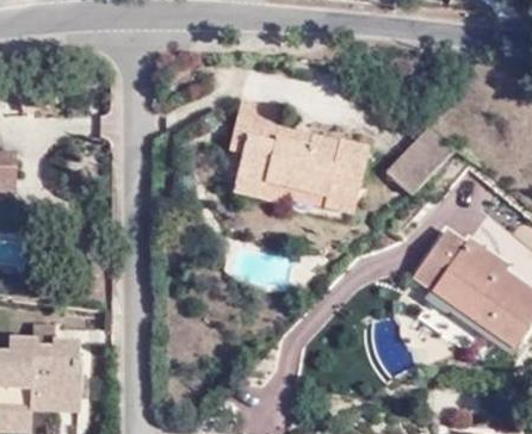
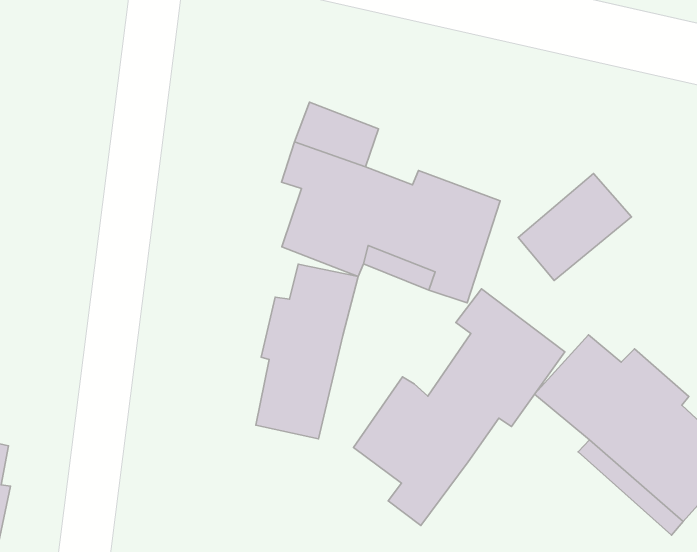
building: none -> [354,289,565,526]
building: none -> [256,264,358,439]

